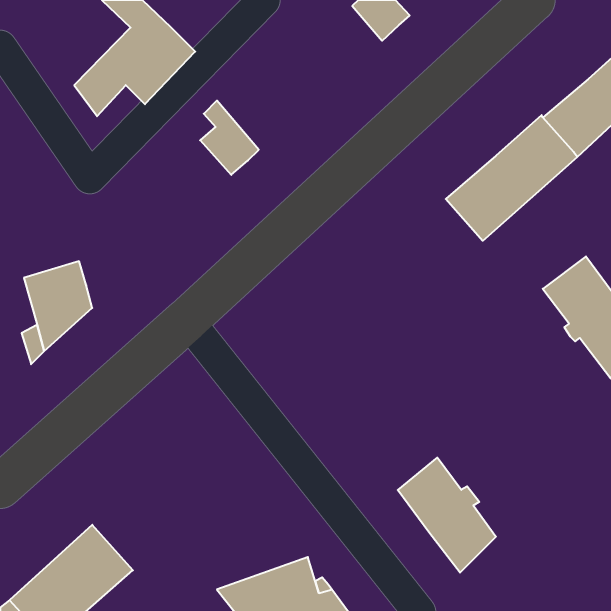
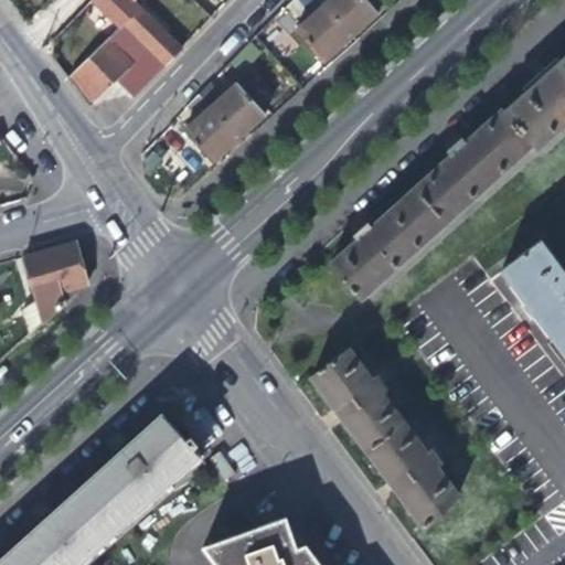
building: none -> [298,7,353,62]
building: none -> [201,83,266,139]
building: none -> [326,184,446,299]
building: none -> [310,347,404,452]
building: none -> [86,416,201,526]

